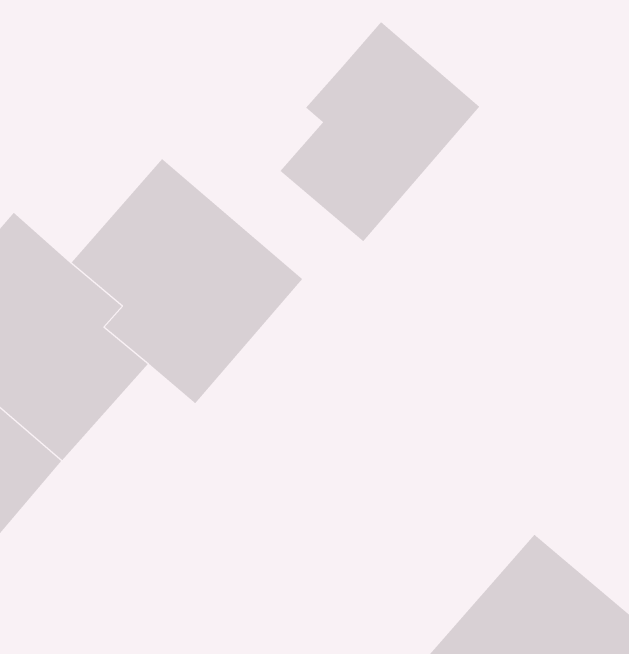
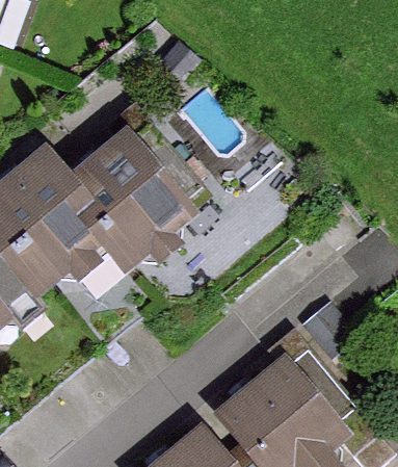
building: [279,21,480,242] -> none

